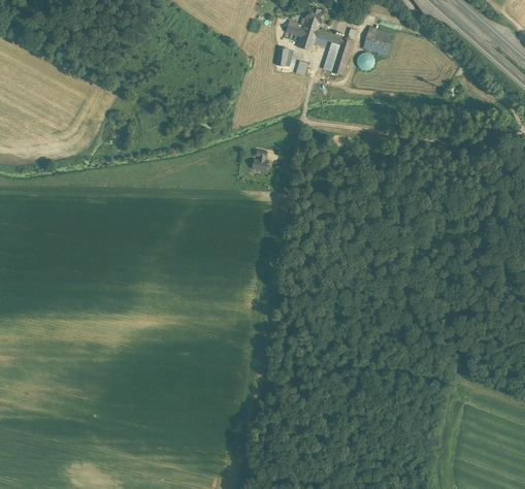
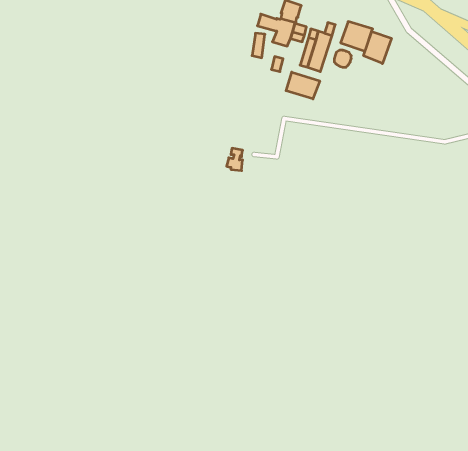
building: none -> [364,31,391,64]
building: none -> [286,72,320,99]

